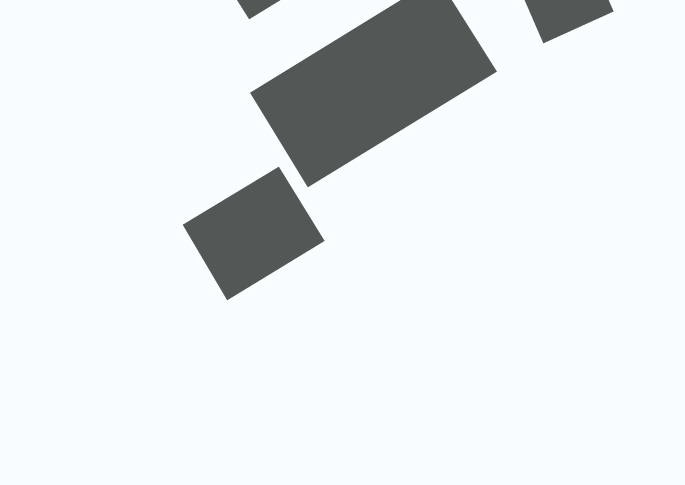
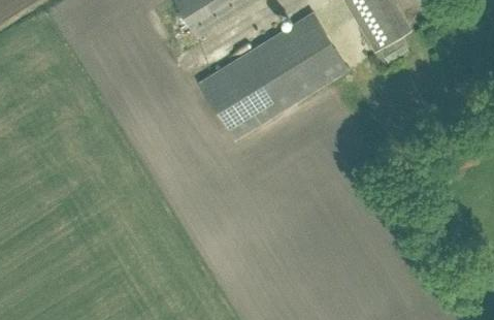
building: [181,165,326,302] -> none

